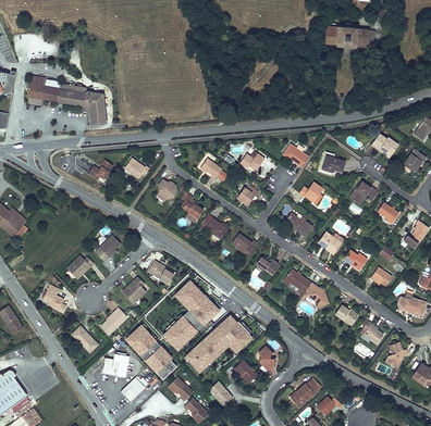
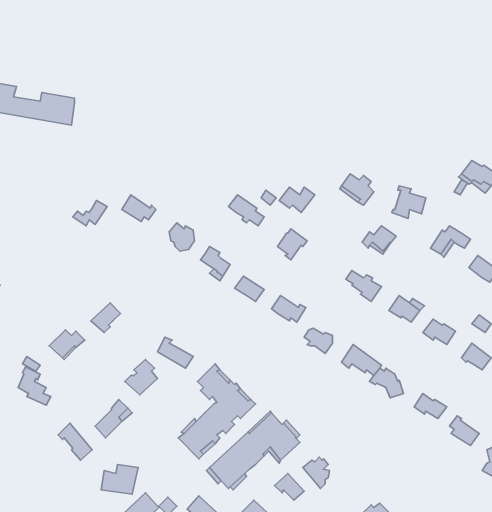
building: [325,24,370,49] -> none
building: [84,90,106,124] -> none
building: [127,326,174,378] -> none

